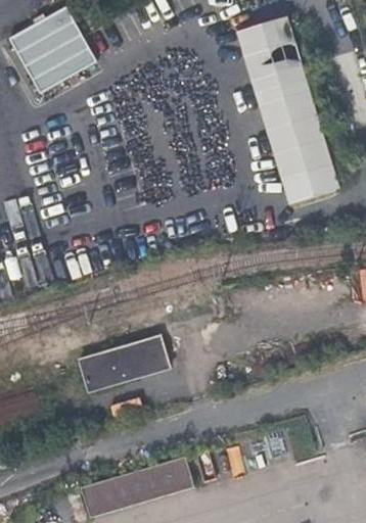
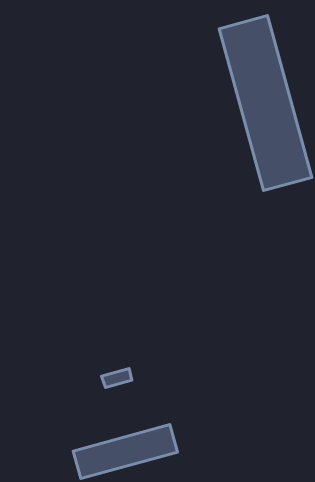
building: [11,8,98,94] -> none
building: [81,332,173,389] -> none

